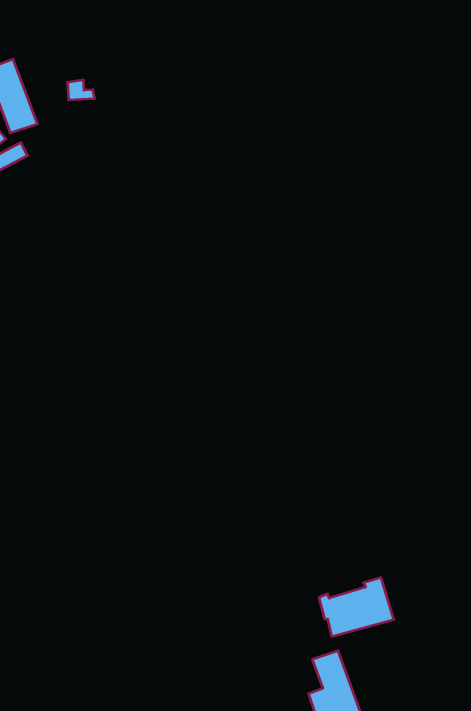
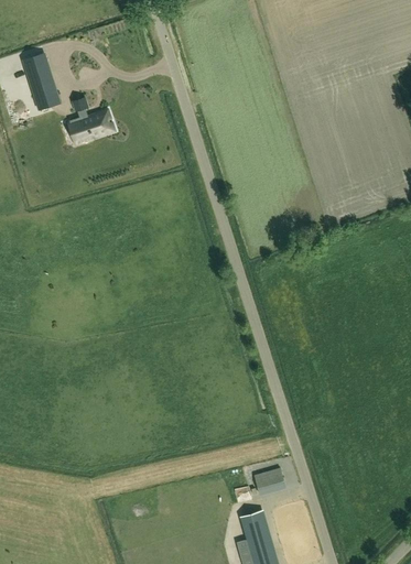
building: none -> [71,97,116,139]

